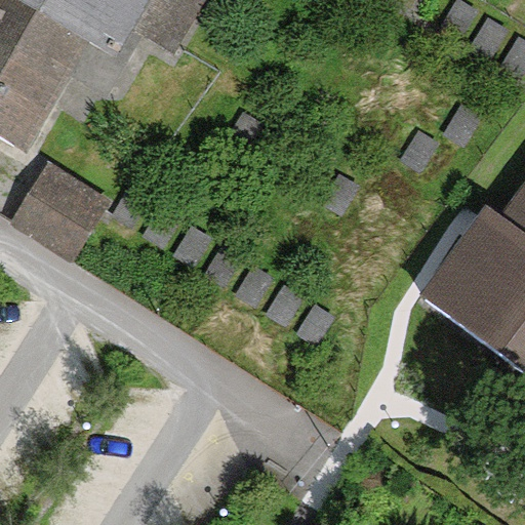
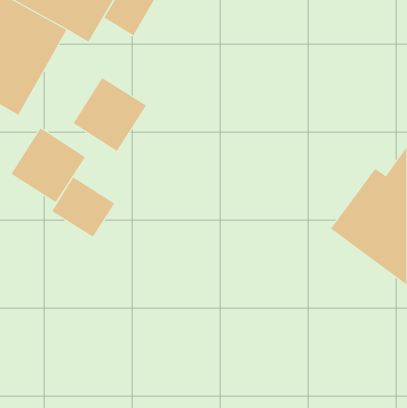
building: none -> [73,77,147,152]
building: none -> [51,176,115,238]

